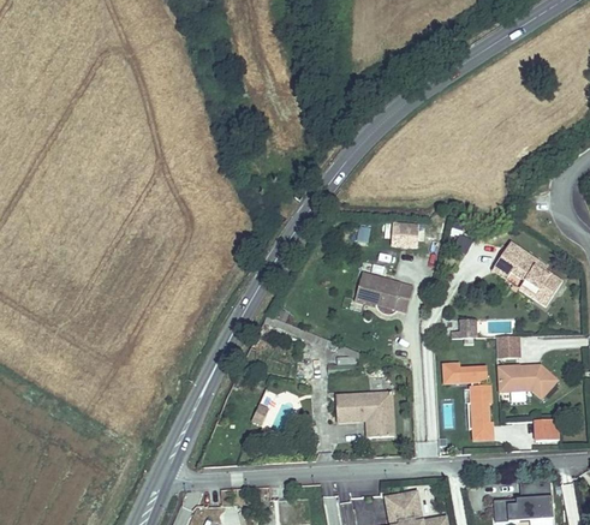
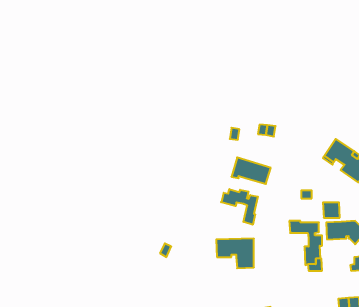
building: none -> [221,189,258,225]

